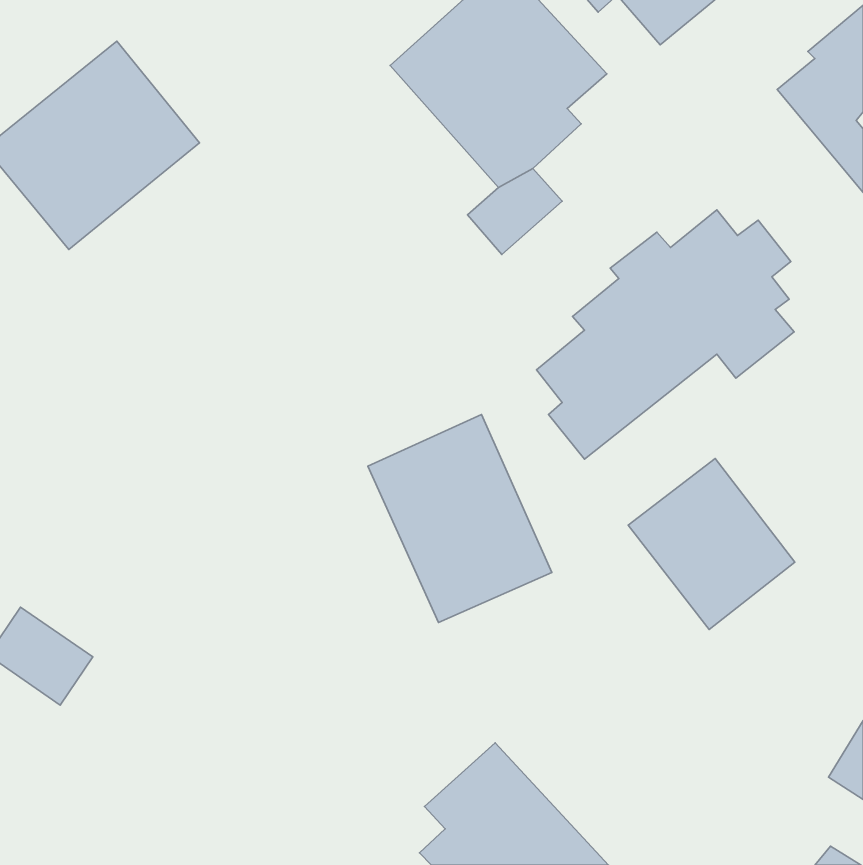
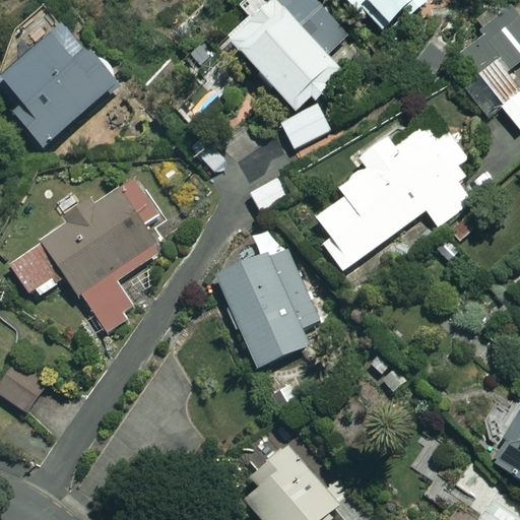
building: none -> [9,175,160,327]
building: [628,458,795,629] -> none

